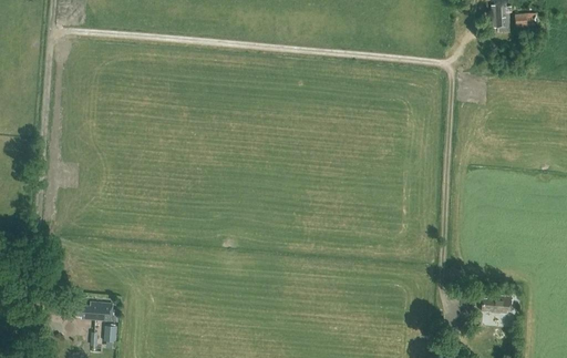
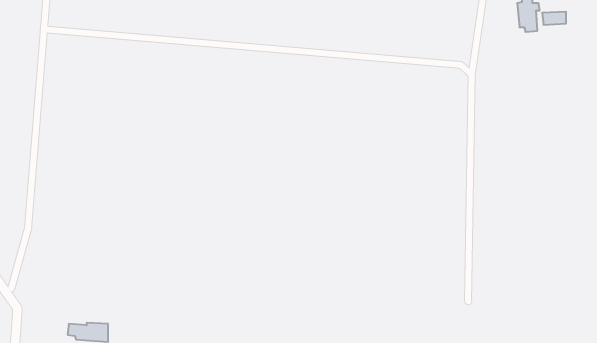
building: [483,295,513,313] -> none

